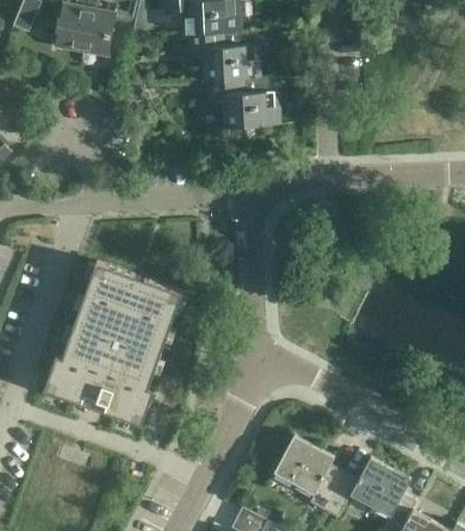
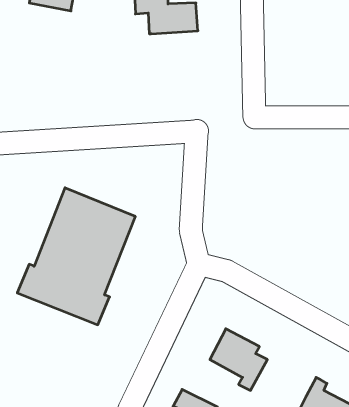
building: [203,77,279,126] -> none
building: [322,456,409,516] -> none

